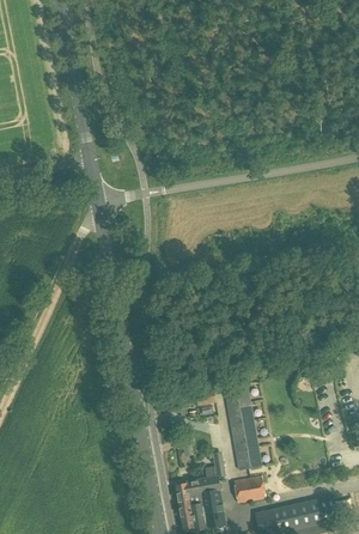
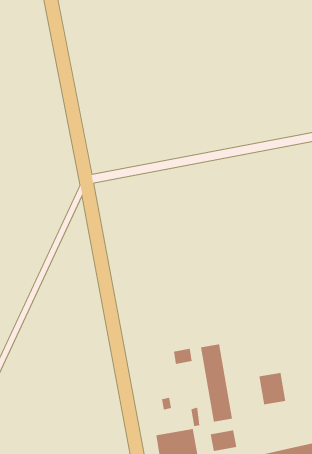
building: none -> [259,372,286,405]

